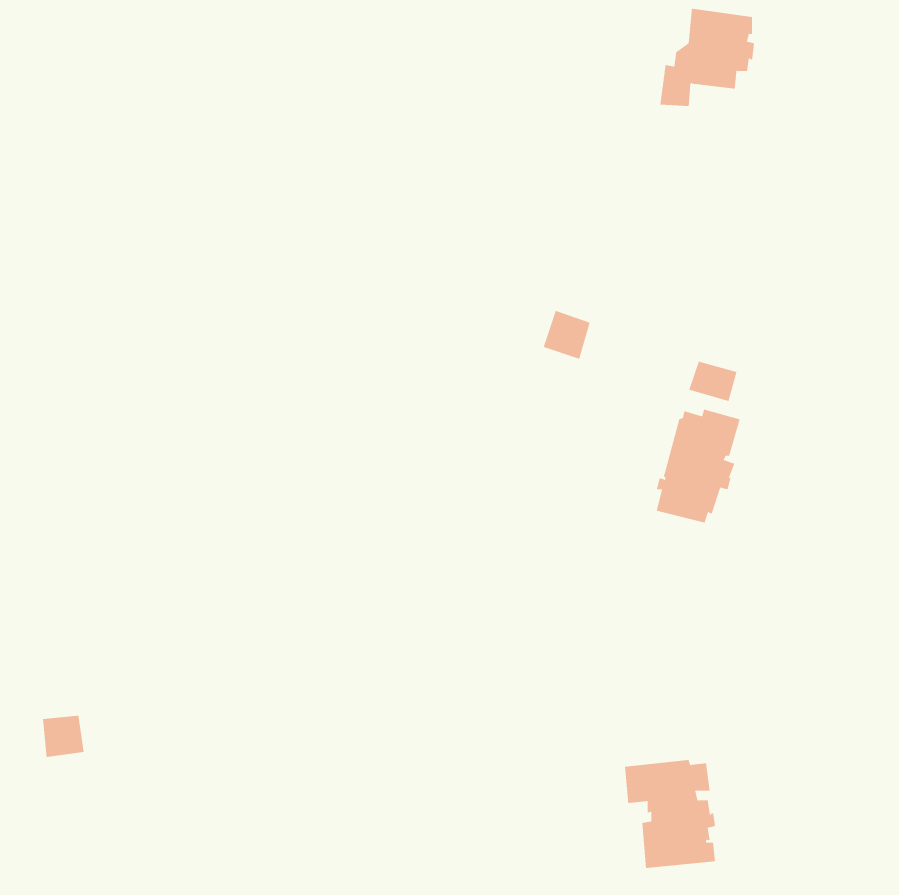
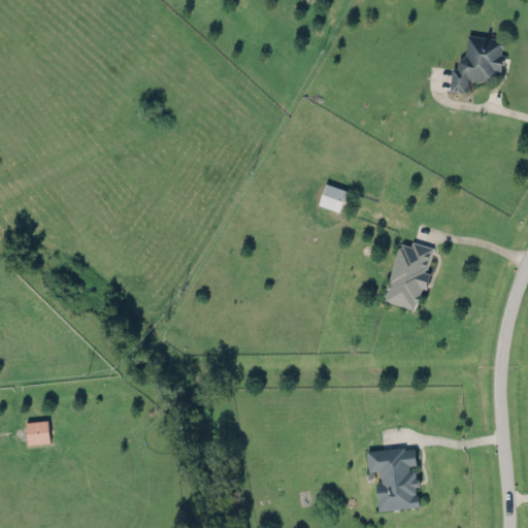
building: [660,8,755,107] -> [450,35,505,93]
building: [688,361,737,402] -> none

